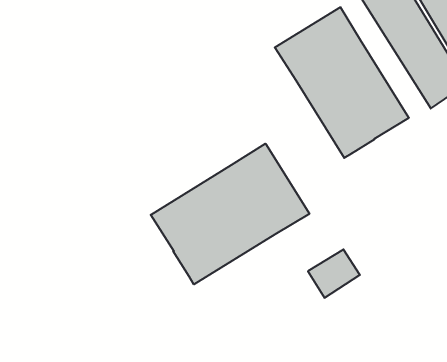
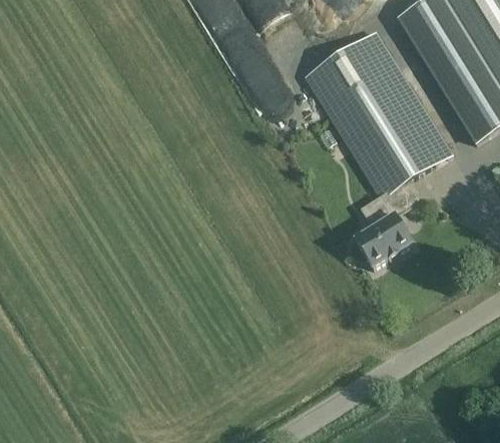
building: [151,144,309,284] -> none
building: [308,249,360,298] -> [355,217,412,271]

